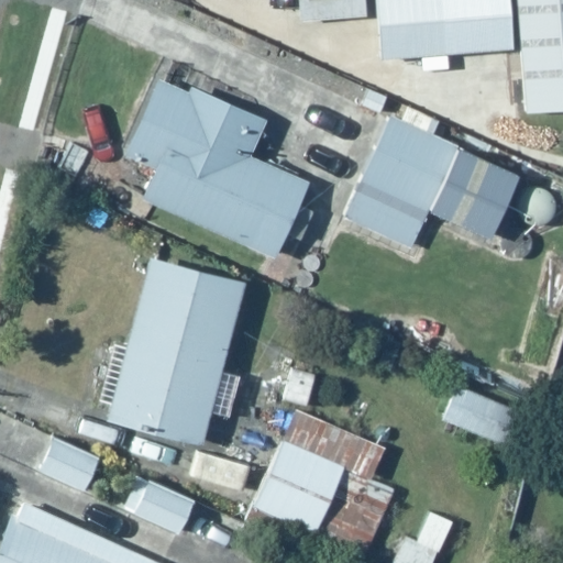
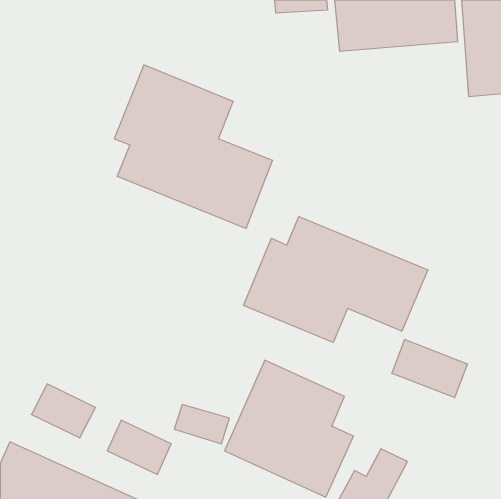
building: [350,97,519,251] -> none
building: none -> [243,216,428,342]
building: [104,251,246,441] -> none

